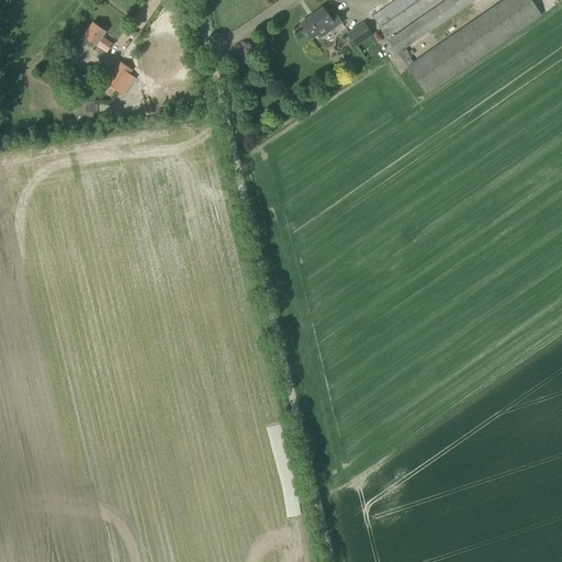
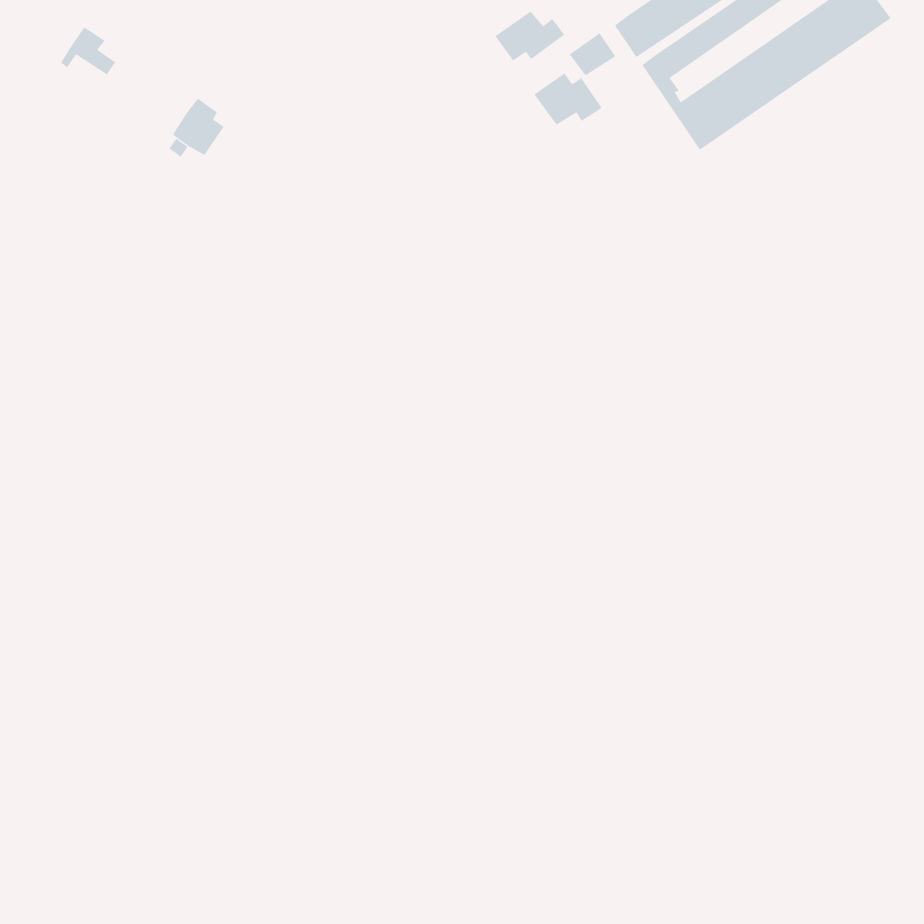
building: [79,21,113,50] -> [60,26,116,75]
building: none -> [534,72,602,125]

